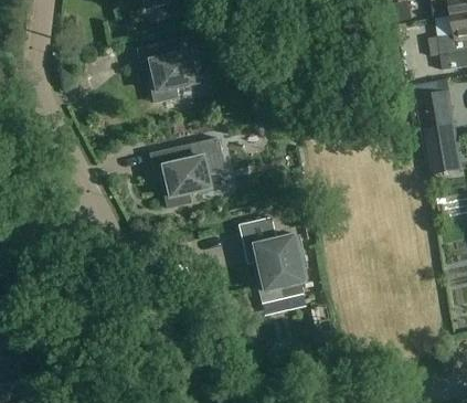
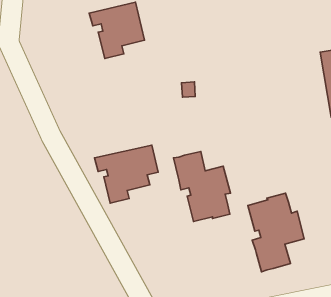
building: [148,137,225,208] -> [95,145,158,203]
building: none -> [248,193,304,272]

